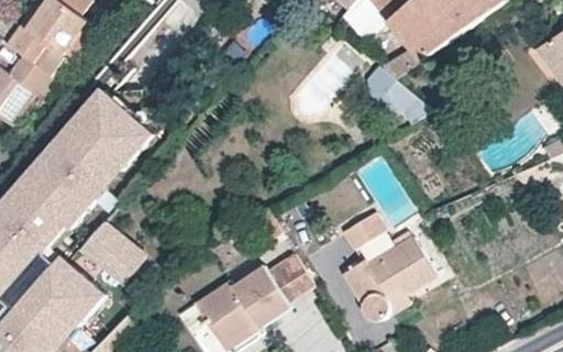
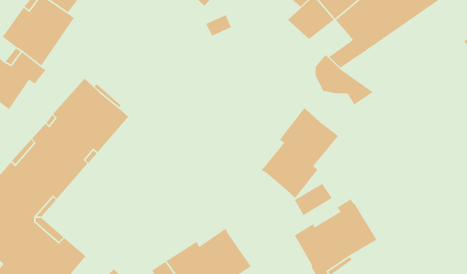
building: none -> [260,107,339,199]
building: [80,223,148,289] -> none
building: [265,252,312,301] -> none

